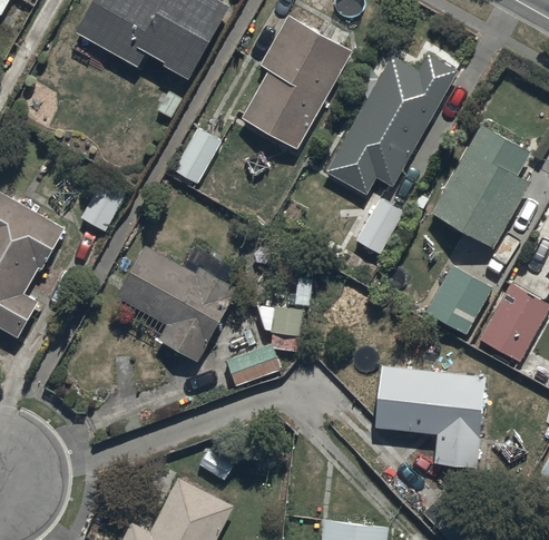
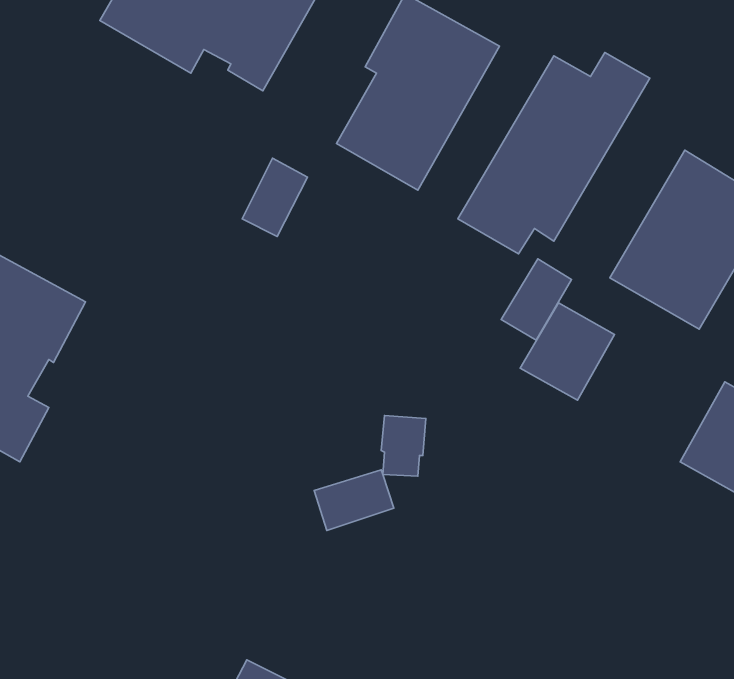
building: [115,245,237,362] -> none
building: [425,266,491,334] -> [520,303,614,400]
building: [374,366,486,468] -> none

